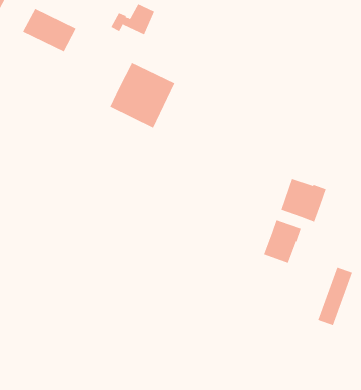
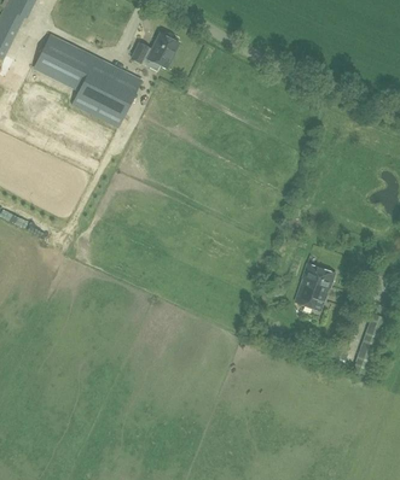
building: [109,62,175,128] -> [70,57,140,128]
building: [280,178,326,222] -> none

